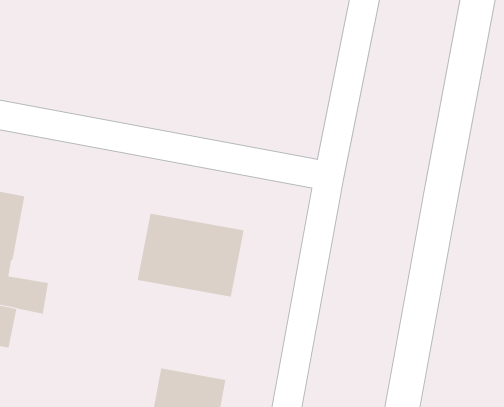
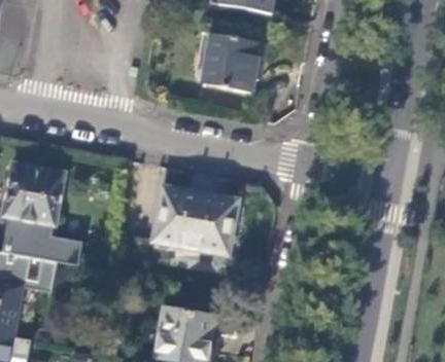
building: none -> [201,36,264,95]

